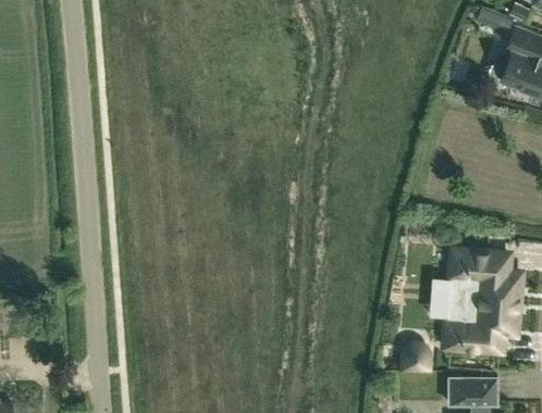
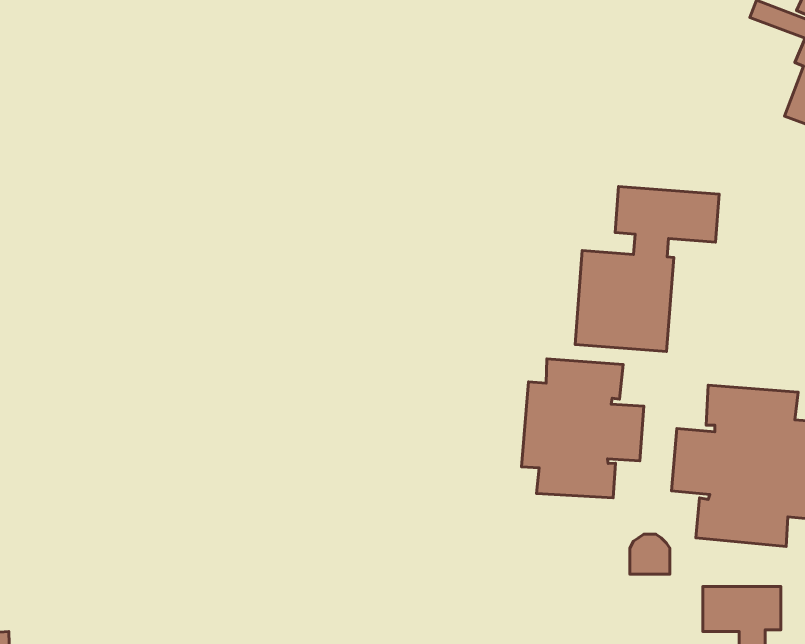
building: none -> [575,186,719,352]
building: none -> [521,359,644,498]

